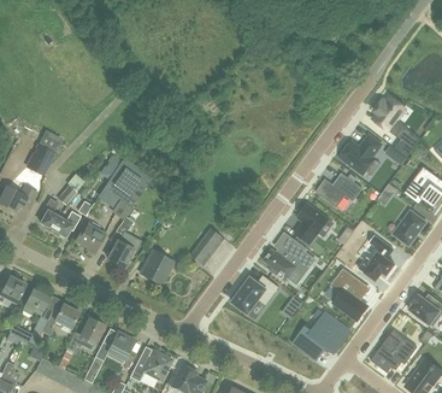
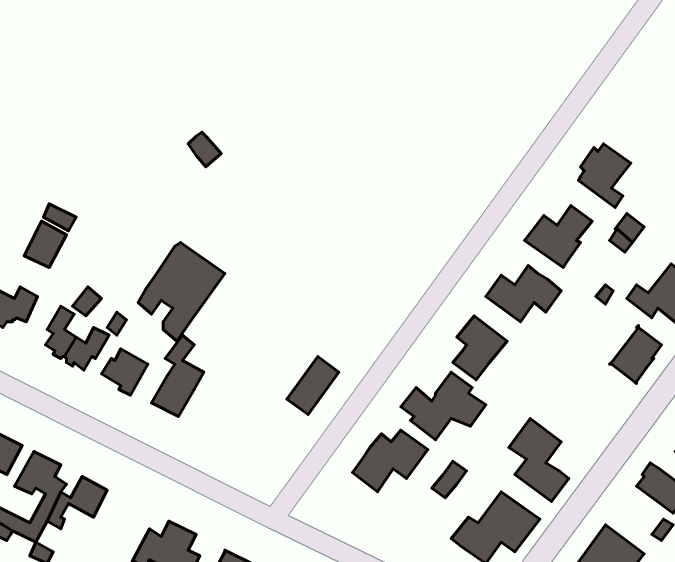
building: [358,234,394,280] -> none
building: [140,248,172,283] -> none
building: [65,316,104,350] -> none

